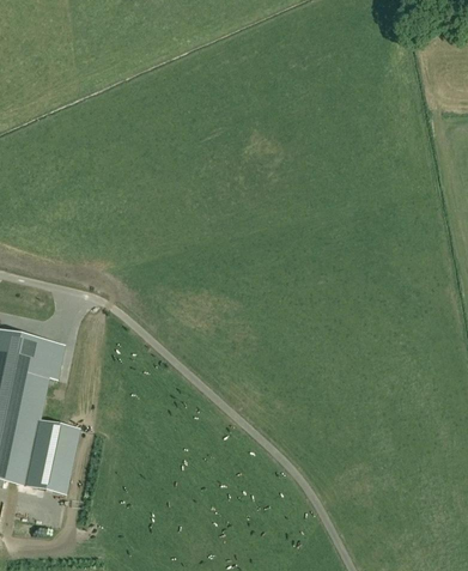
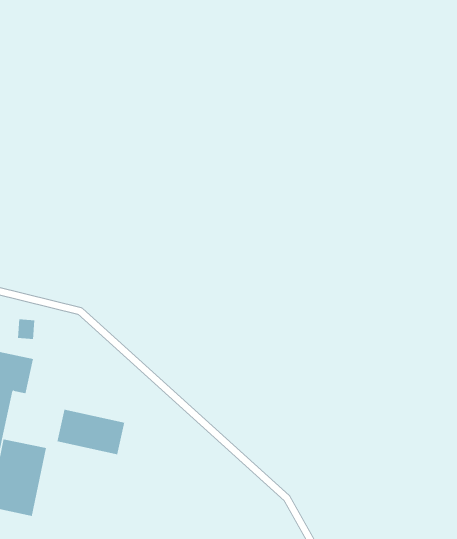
building: none -> [57,409,125,455]

